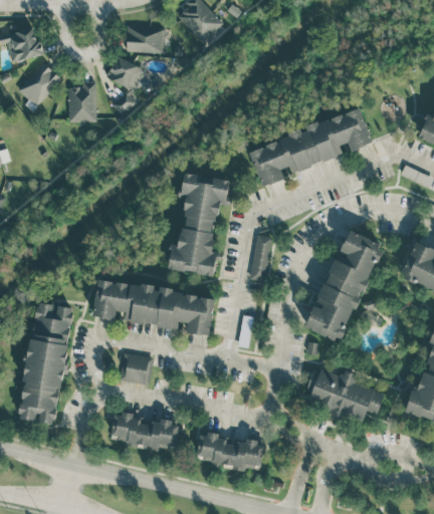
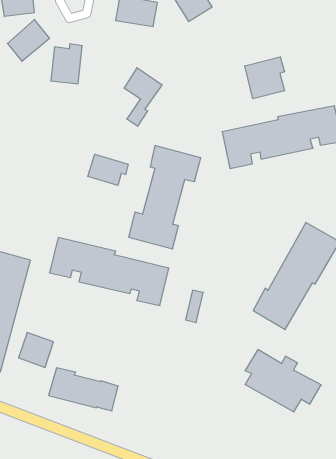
building: [106,55,145,114] -> [124,68,162,126]
building: none -> [245,57,285,99]
building: none -> [88,154,128,185]
building: [249,235,272,282] -> none
building: [120,352,153,386] -> [19,332,53,367]
building: [196,433,264,472] -> none

